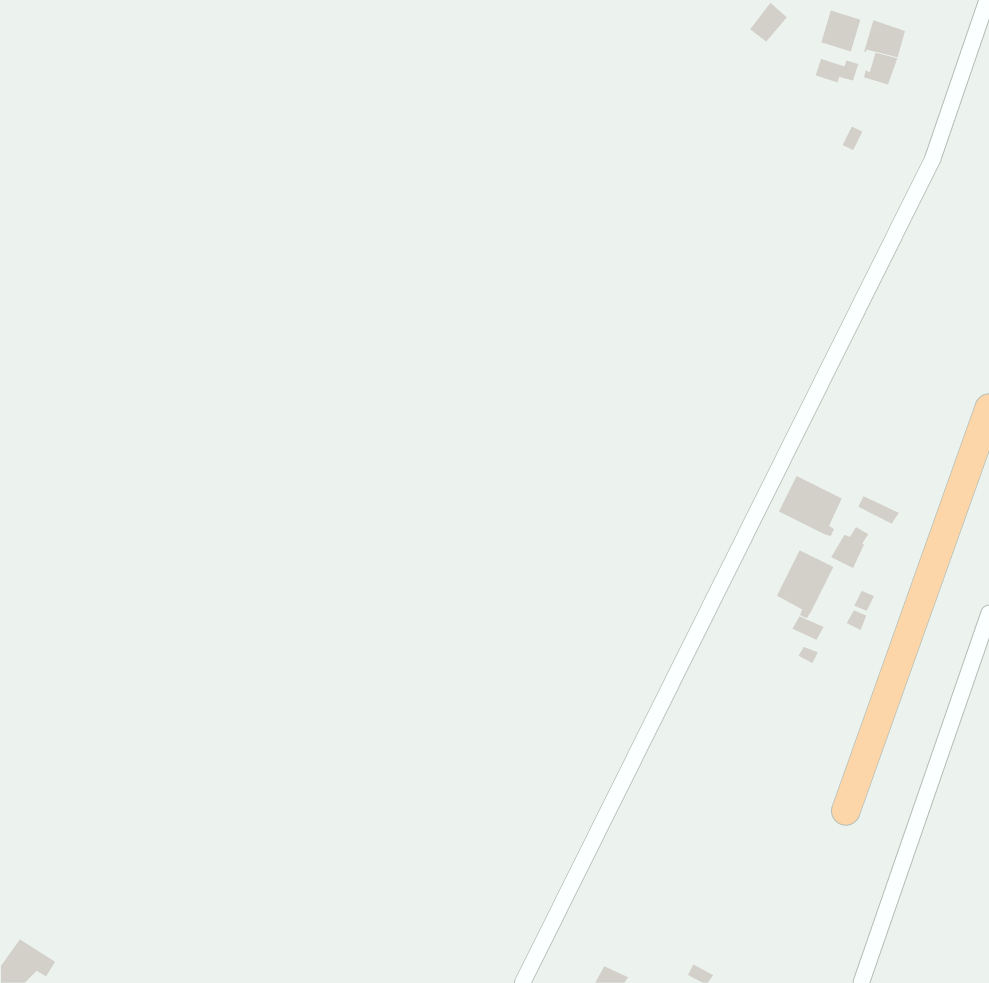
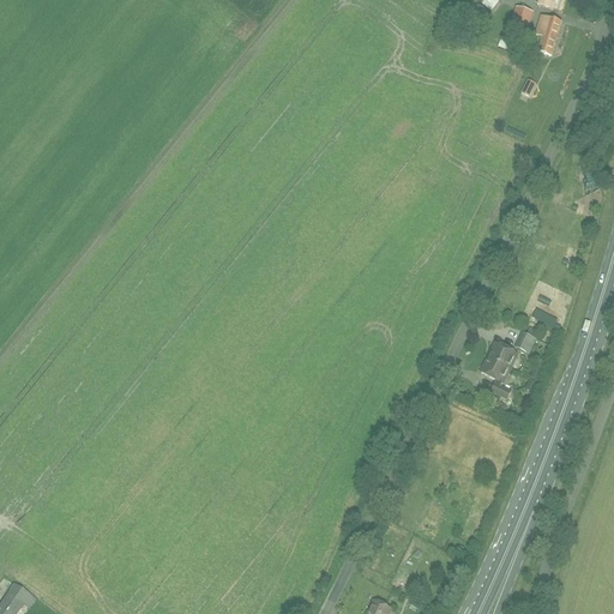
building: [778,475,842,537] -> none

